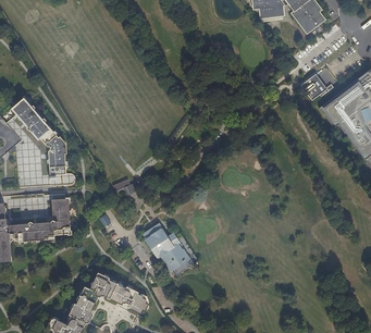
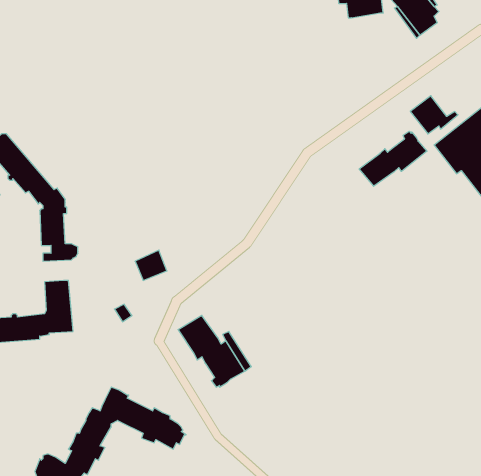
building: none -> [359,131,427,186]

